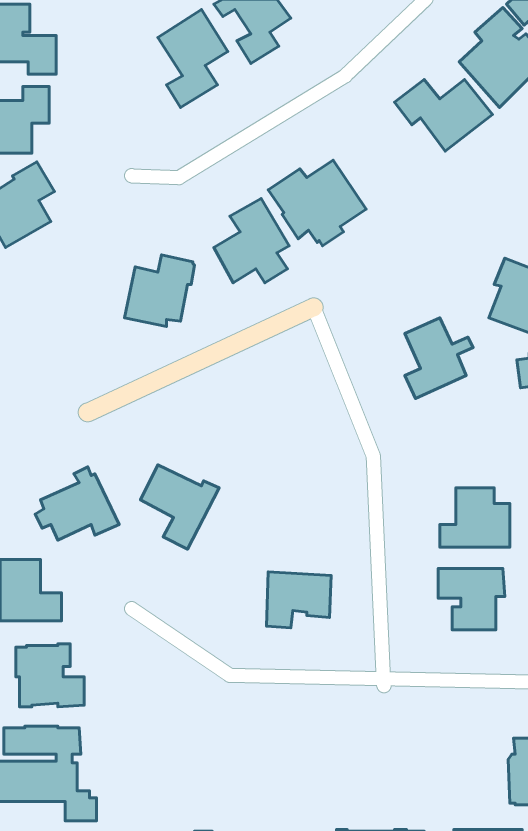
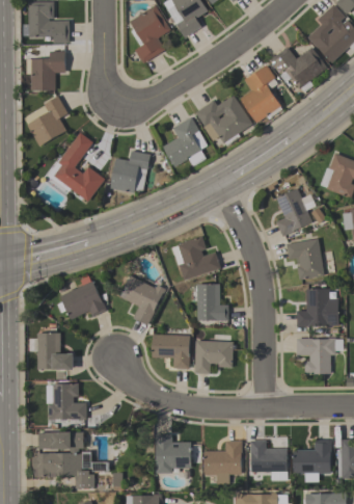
building: none -> [241,65,283,124]
building: none -> [47,133,105,203]
building: none -> [173,237,221,281]
building: none -> [287,239,325,281]
building: none -> [197,285,229,322]
building: none -> [151,334,189,368]
building: none -> [155,433,190,473]
building: none -> [203,440,242,482]
building: none -> [293,440,330,481]
building: none -> [250,441,287,480]

